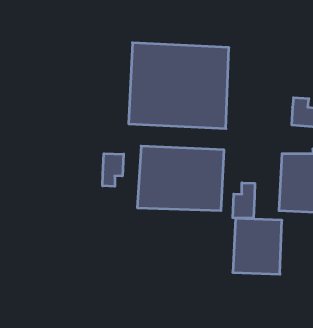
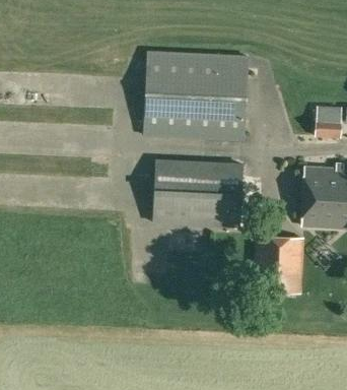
building: [103,154,124,186] -> none
building: [233,183,255,218] -> none

